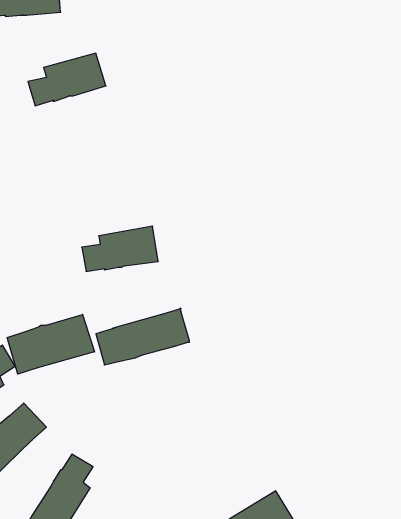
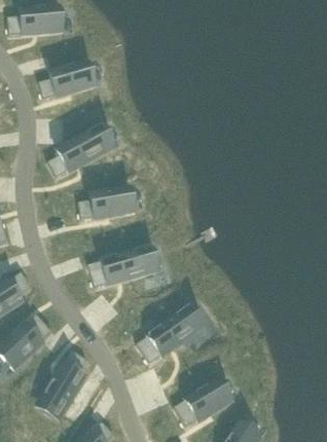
building: none -> [48,123,113,176]
building: [7,314,95,374] -> none
building: none -> [137,304,205,362]

